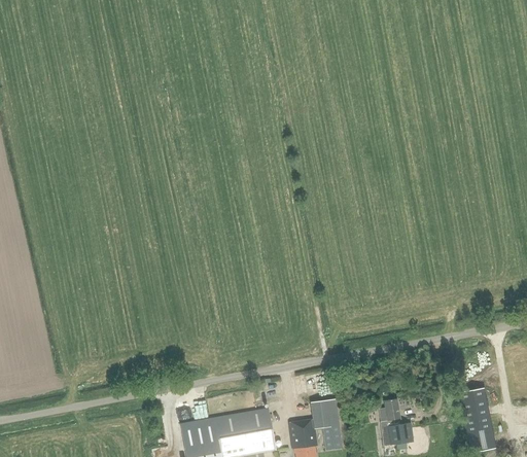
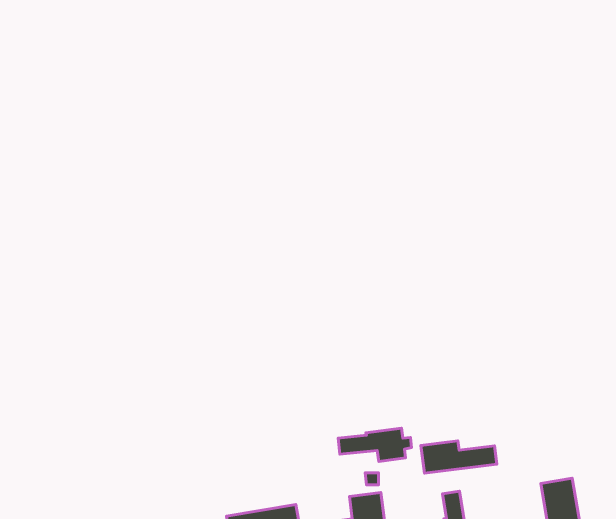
building: none -> [338,428,412,462]
building: none -> [421,441,497,473]

